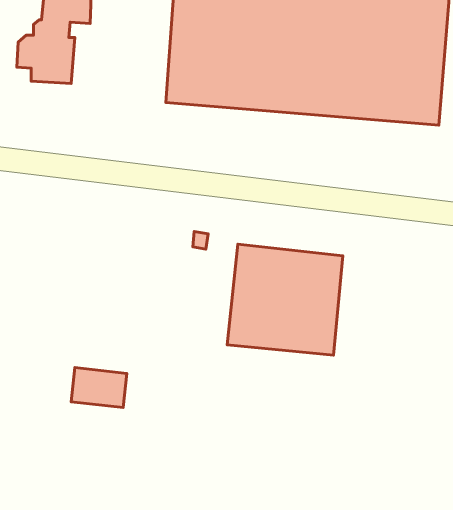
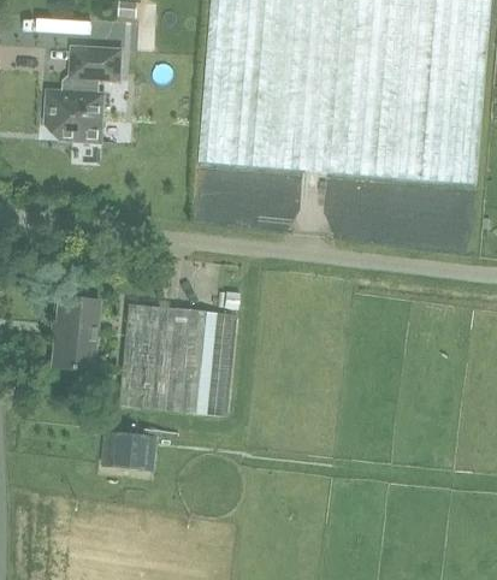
building: none -> [53,297,99,369]
building: [227,244,343,355] -> [119,303,237,416]

